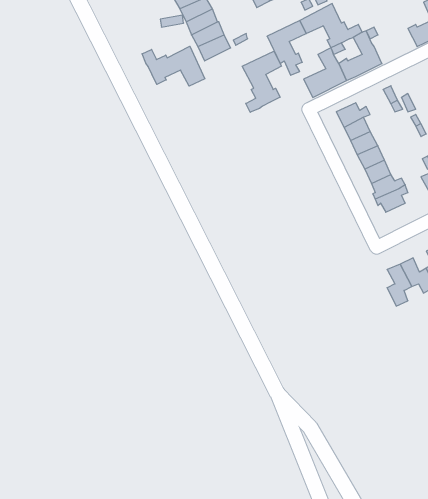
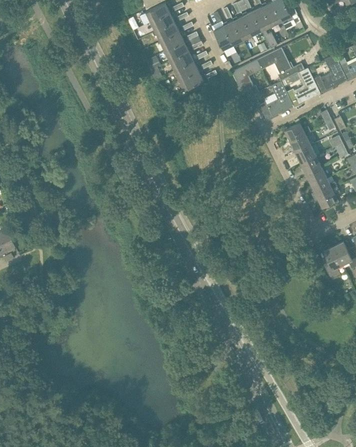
building: none -> [313,55,346,93]
building: [142,46,205,86] -> none
building: [242,51,281,112] -> none

